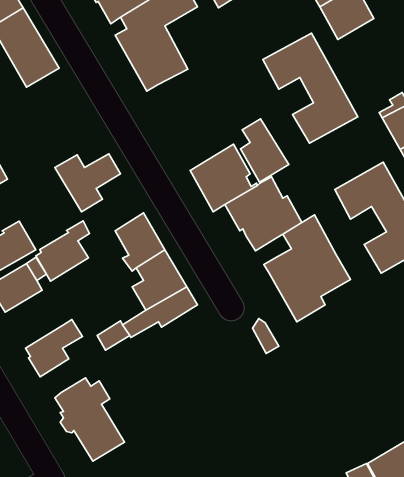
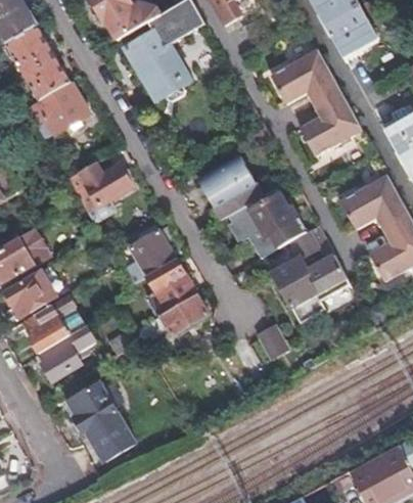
building: none -> [25,82,89,133]
building: [240,119,289,182] -> none
building: [36,221,90,281] -> [24,294,76,353]

